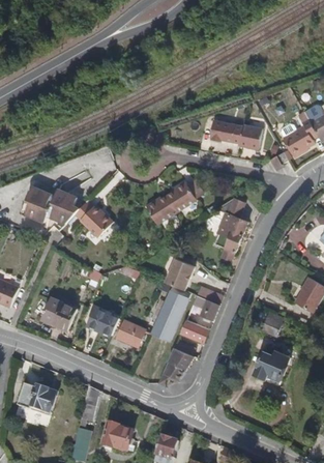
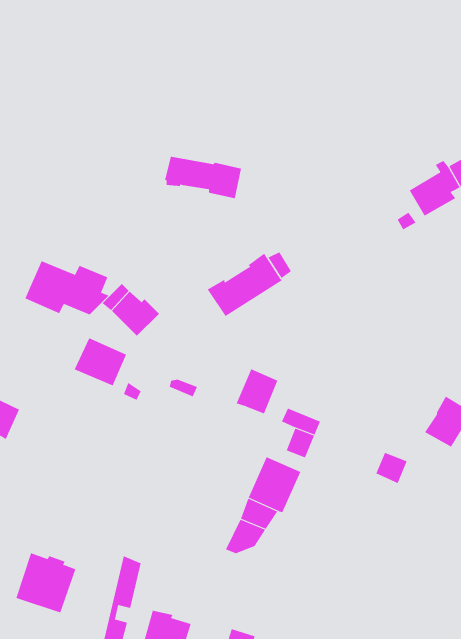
building: [209,120,262,149] -> [164,156,242,199]
building: [214,198,247,261] -> none
building: [150,285,189,341] -> none
building: [40,297,77,330] -> [74,338,127,386]
building: [87,307,119,336] -> none
building: [116,320,146,347] -> none
building: [253,351,289,382] -> none

